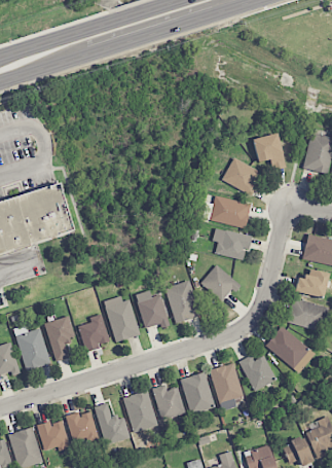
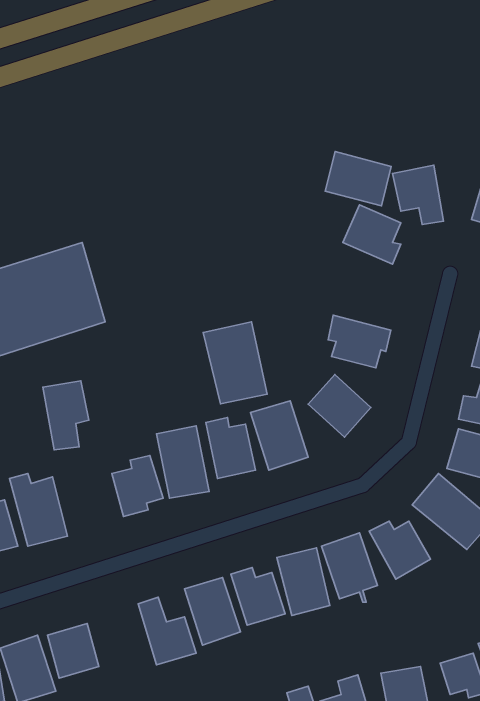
building: [210,194,251,228] -> [325,152,391,206]
building: none -> [203,322,267,404]
building: [46,317,75,360] -> [43,381,89,450]
building: [66,410,100,442] -> none

